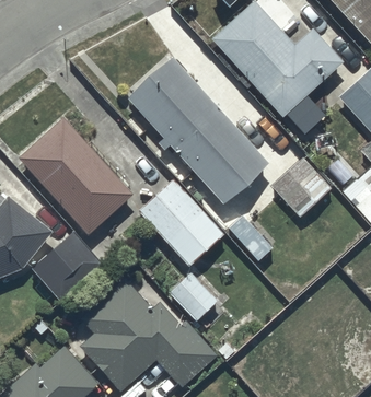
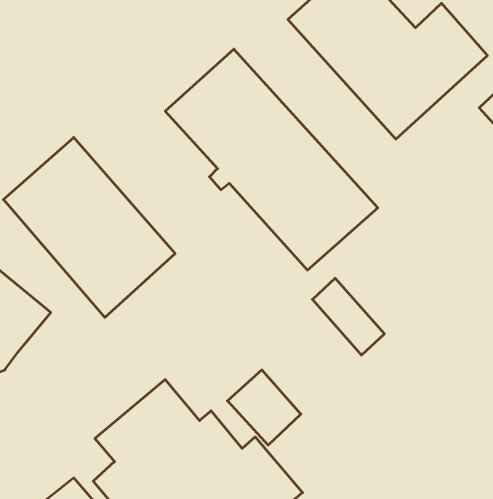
building: [270,156,332,217] -> none
building: [136,177,225,269] -> none
building: [30,232,103,303] -> none

